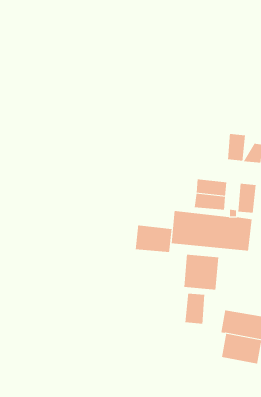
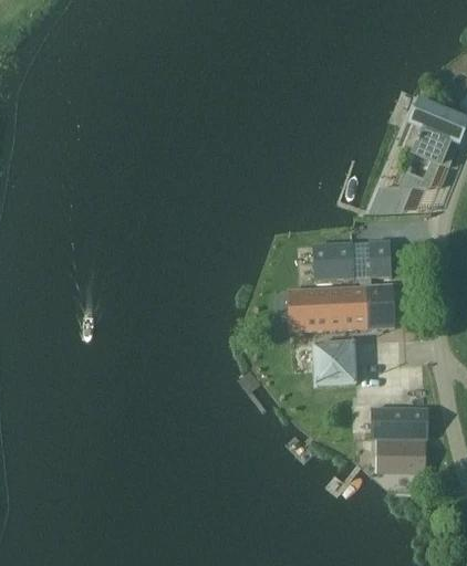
building: [228,133,246,161] -> none
building: [135,225,172,253] -> none
building: [185,293,205,325] -> none

